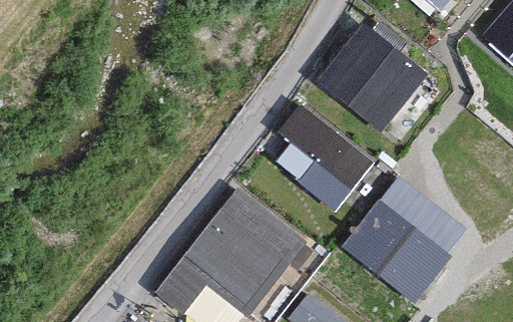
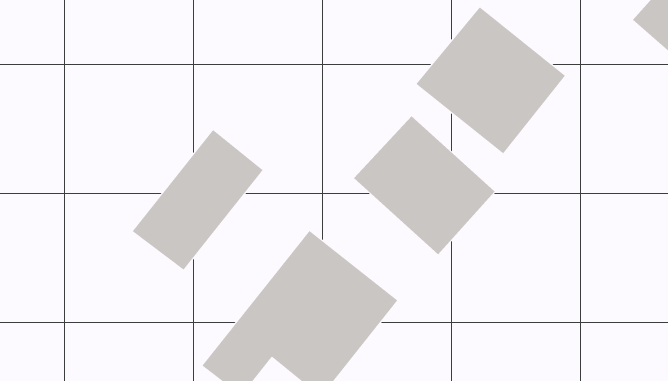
building: none -> [132,129,264,271]
building: [340,172,472,303] -> none

